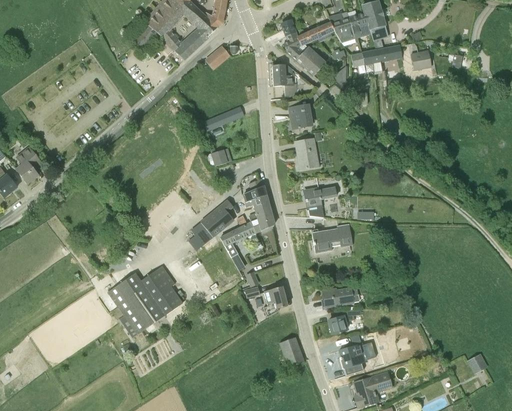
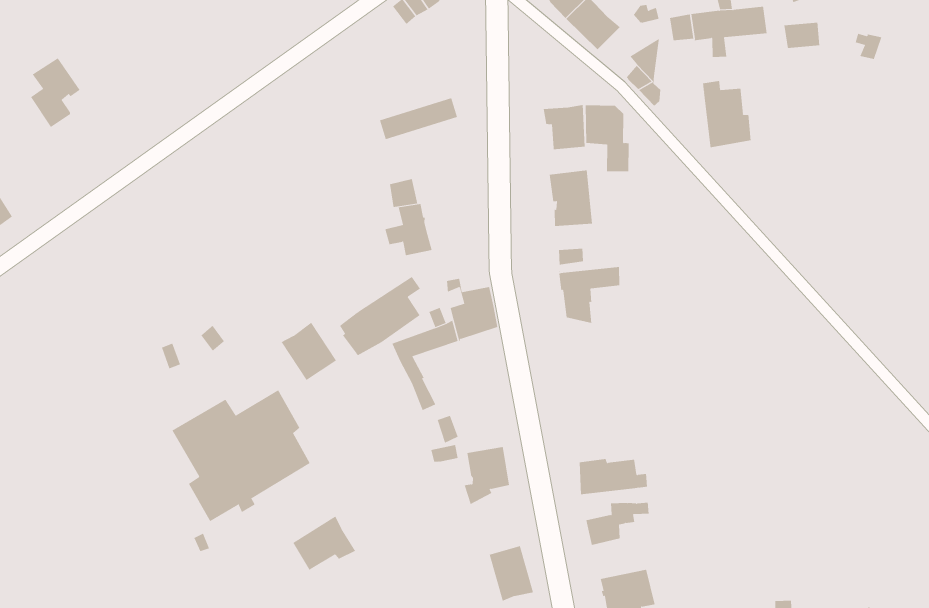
building: [271,64,297,99] -> [585,105,630,172]
building: none -> [702,80,751,148]
building: [15,146,41,183] -> [30,57,80,128]
building: [242,178,268,206] -> [384,203,432,256]
building: [311,217,352,252] -> none
building: none -> [281,322,337,381]
building: none -> [293,515,356,571]

